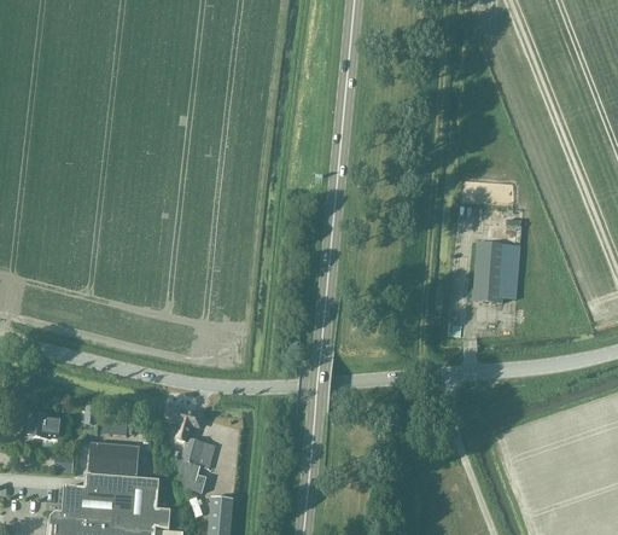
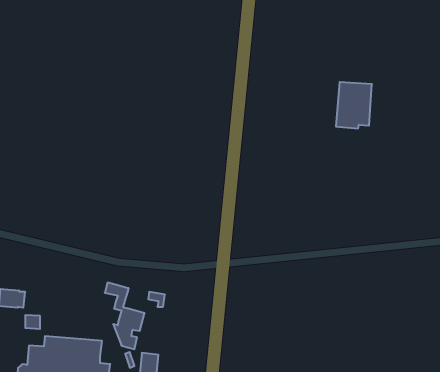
building: [473,242,520,302] -> [336,82,372,128]
building: [89,443,140,476] -> none

